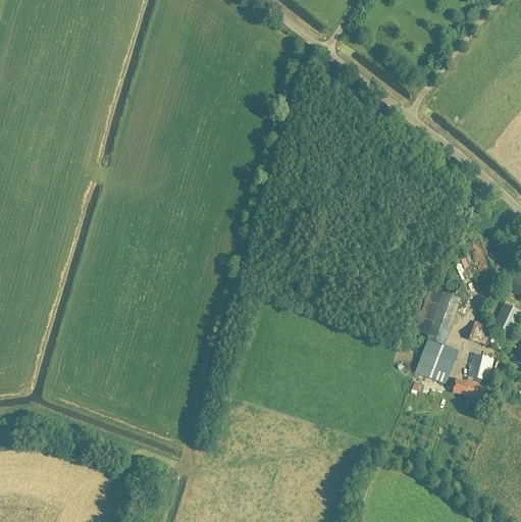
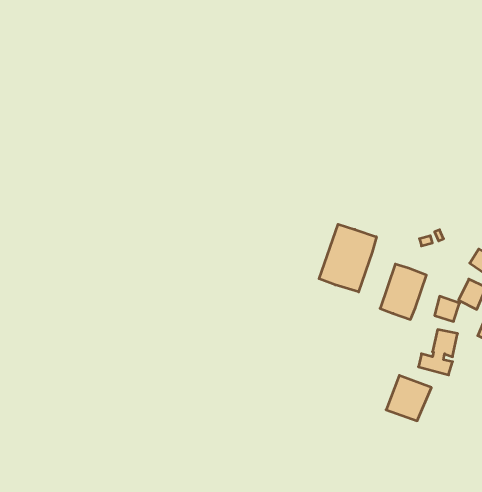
building: none -> [319,224,376,292]
building: [414,336,460,382] -> [386,375,431,421]

